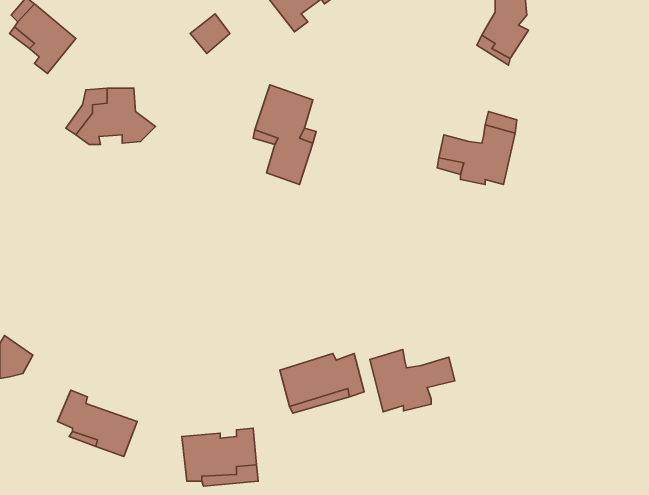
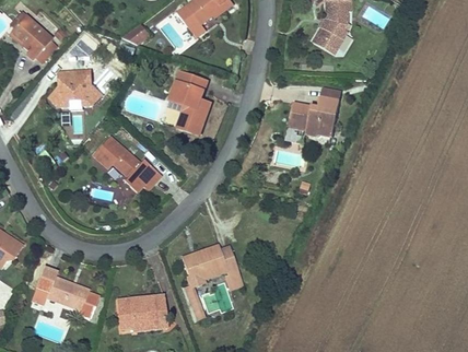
building: none -> [91,134,159,190]
building: [370,349,455,412] -> none

